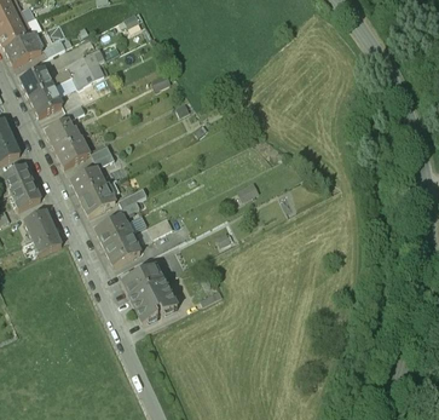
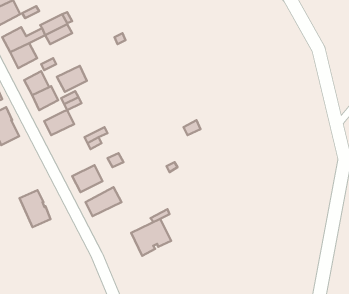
building: [79,183,115,214] -> [57,66,87,92]
building: [23,208,60,253] -> [19,190,50,227]
building: [94,214,131,246] -> none
building: [128,277,177,322] -> [131,219,171,256]

